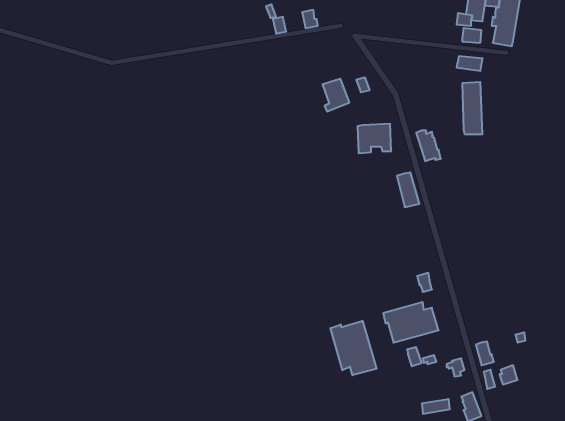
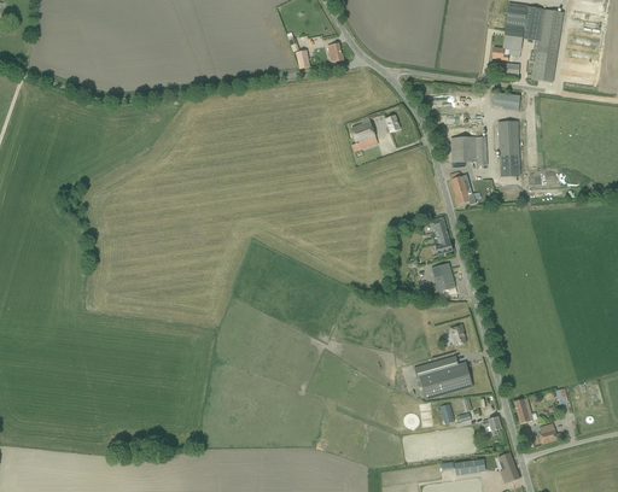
building: [357,124,391,153] -> [450,135,486,166]
building: none -> [431,262,456,297]
building: [330,321,377,375] -> none

